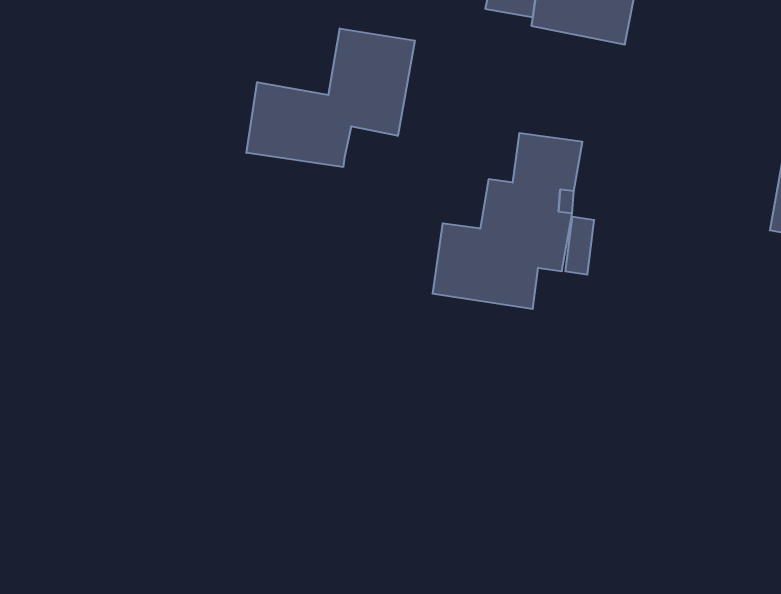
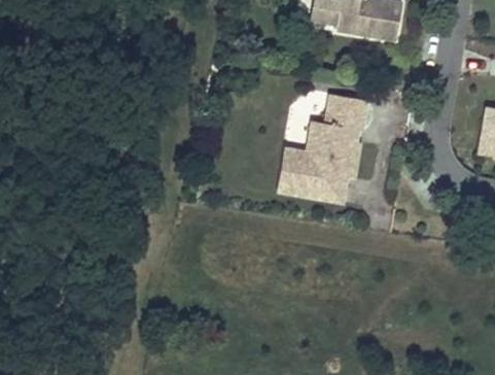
building: [246,28,415,167] -> none

